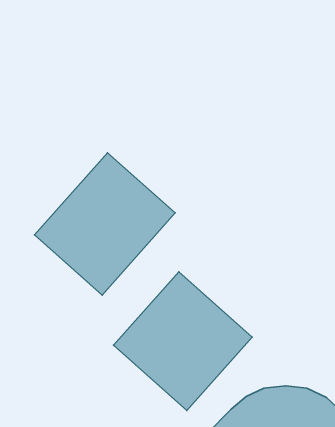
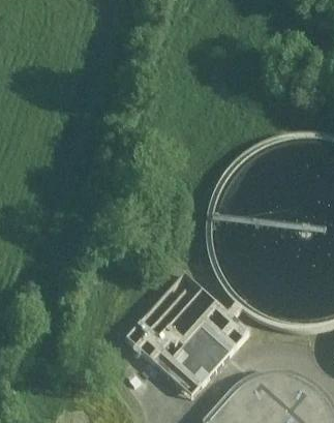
building: [35,153,175,295] -> none

